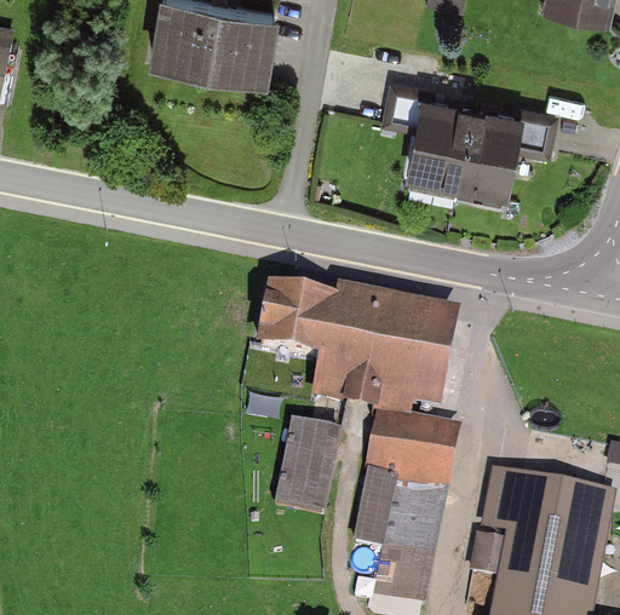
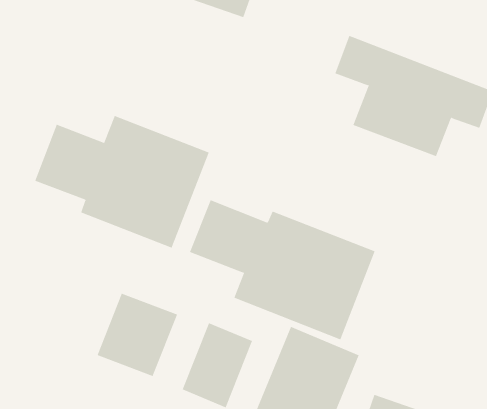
building: none -> [34,115,209,248]
building: none -> [97,293,178,377]

